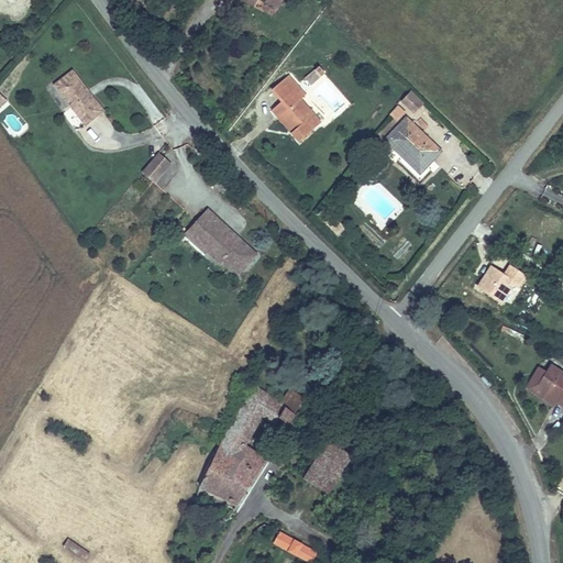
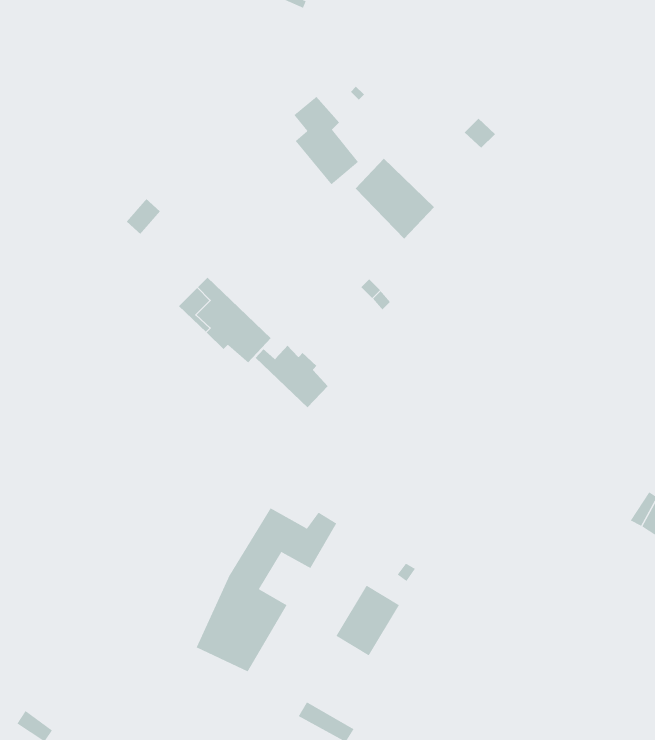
building: [56,68,104,122] -> none
building: [383,114,443,176] -> [355,158,435,239]
building: none -> [255,345,329,408]
building: [475,264,528,306] -> none

